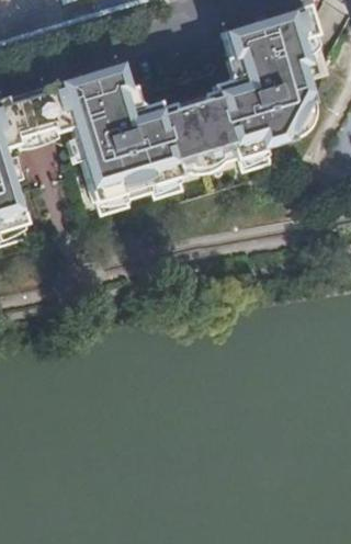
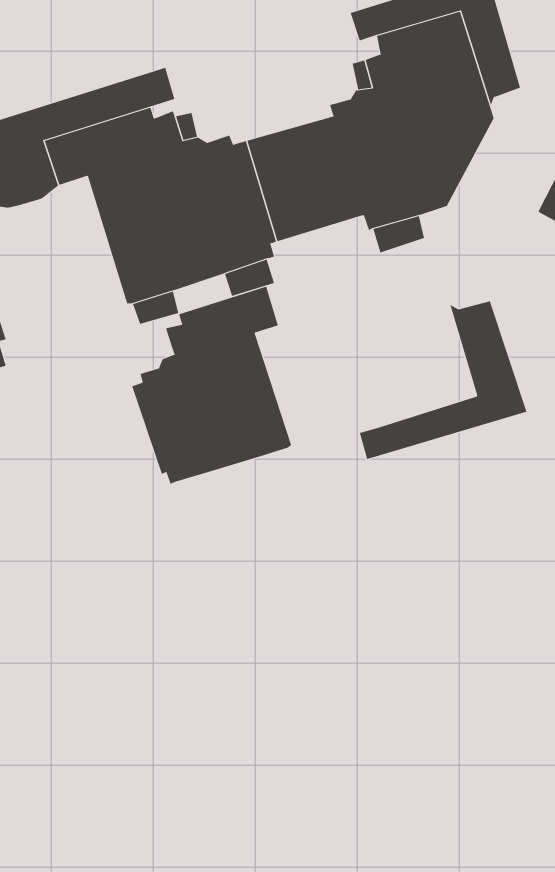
building: none -> [131,286,292,484]
building: none -> [359,301,527,460]

